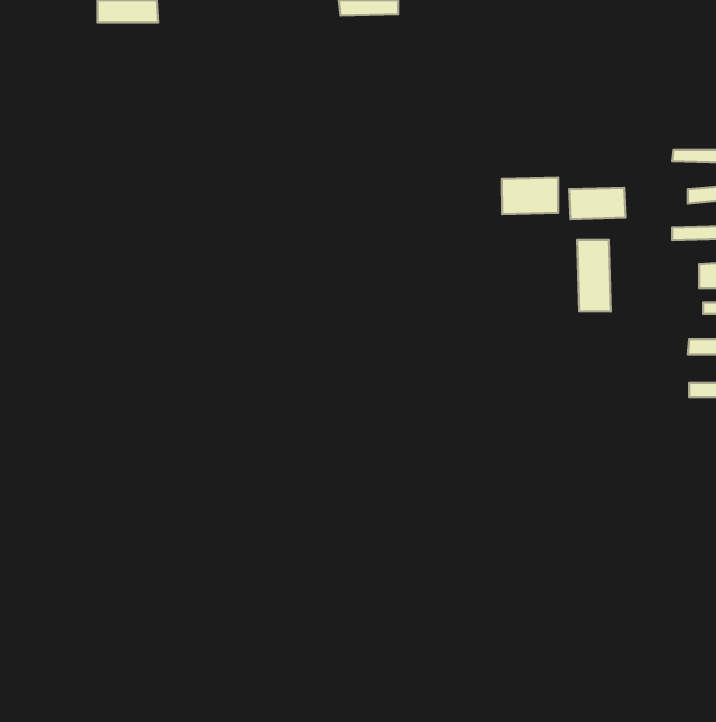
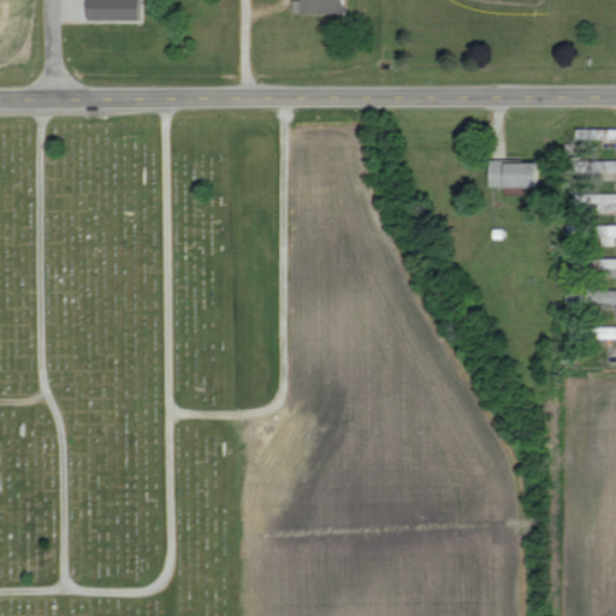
building: [502,177,558,214] -> none
building: [577,240,611,311] -> none

